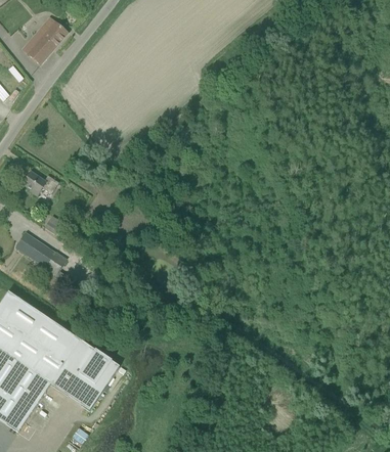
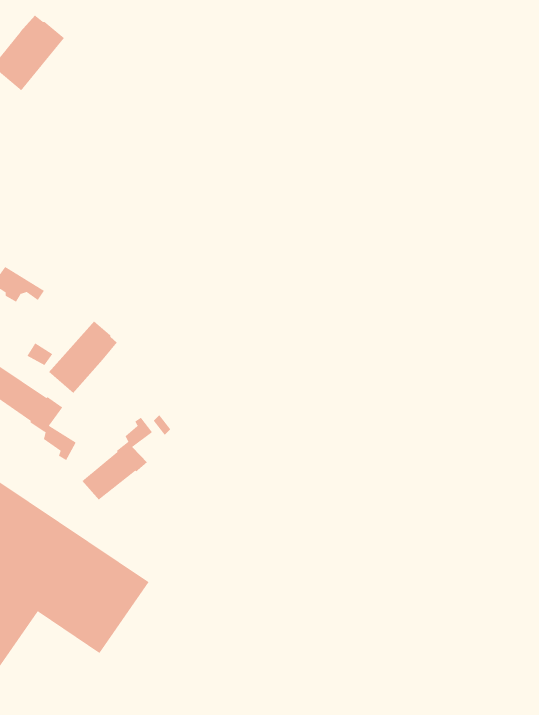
building: none -> [48,321,118,394]
building: none -> [82,417,153,501]

